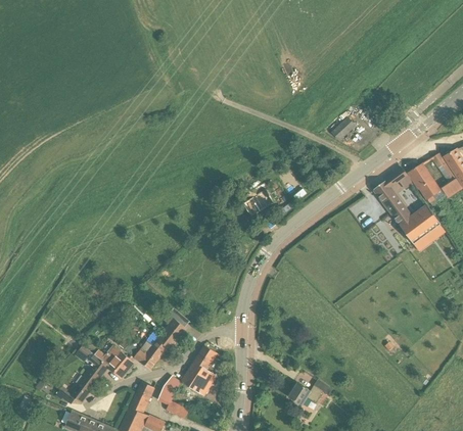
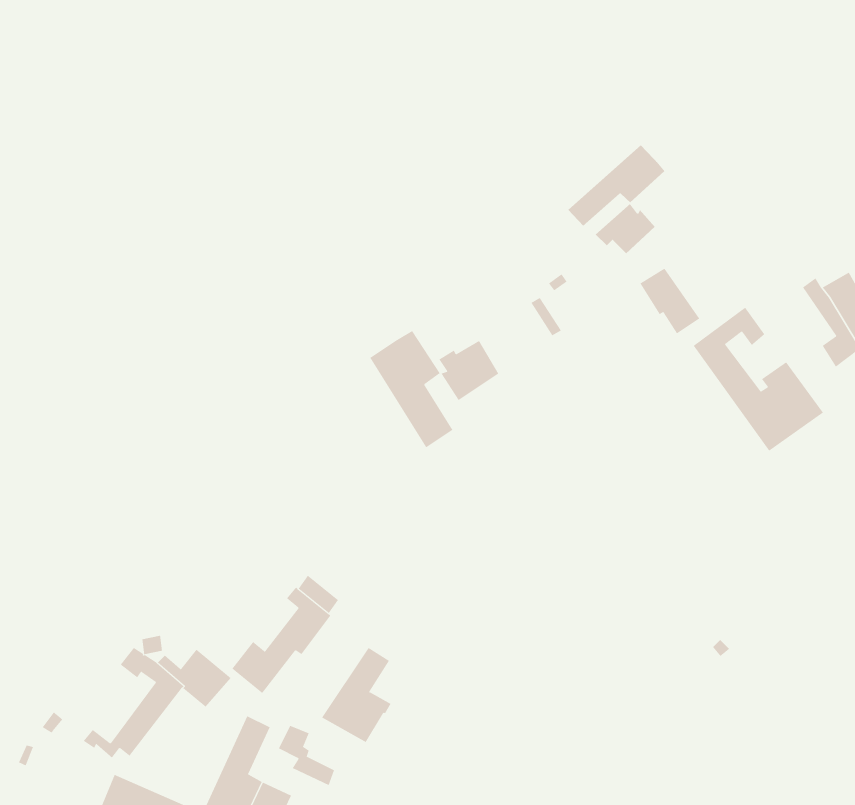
building: none -> [567,145,665,227]
building: [409,164,441,199] -> [639,268,700,334]
building: none -> [369,330,453,448]
building: [289,380,333,405] -> none

